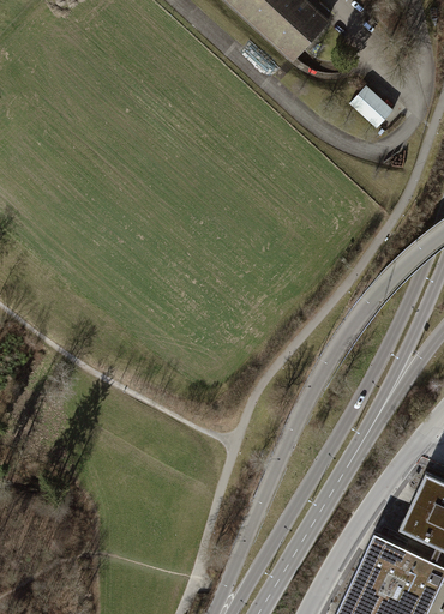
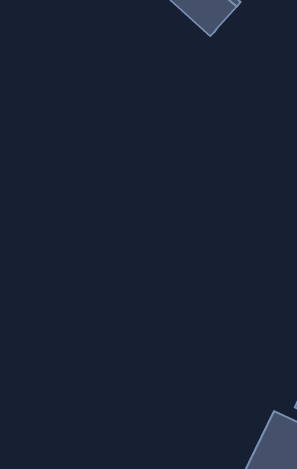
building: [350,88,394,130] -> none

